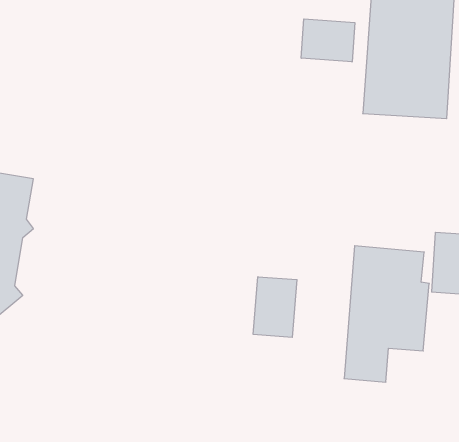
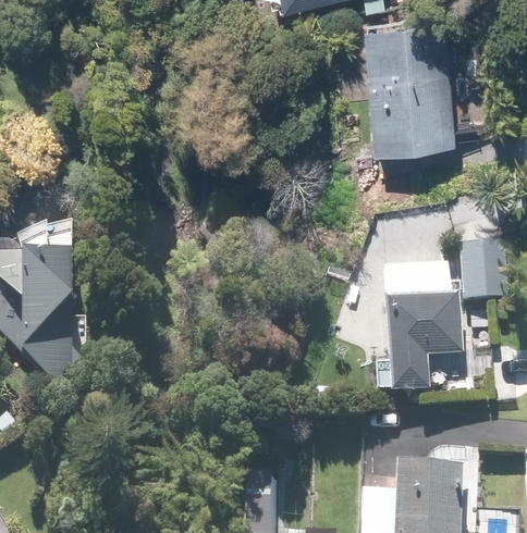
building: [301,19,355,62] -> none
building: [253,277,297,337] -> none

